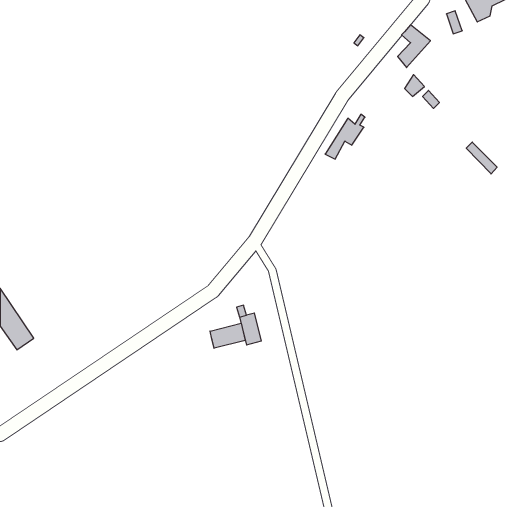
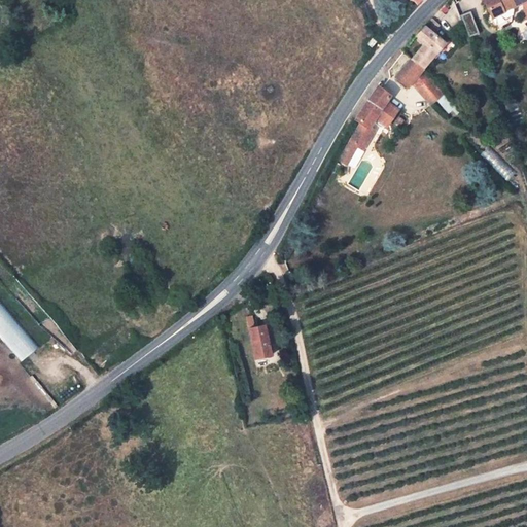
building: none -> [395,59,428,92]
building: none -> [355,83,396,129]
building: [210,323,245,348] -> none

